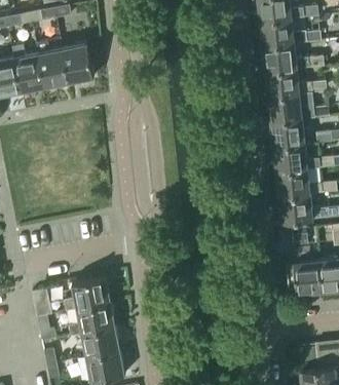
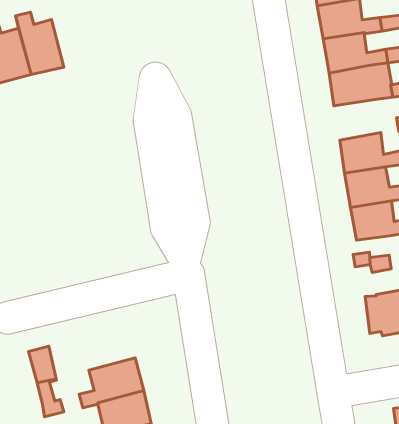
building: [64,41,95,81] -> none
building: [270,118,304,147] -> none
building: [65,276,112,310] -> none

